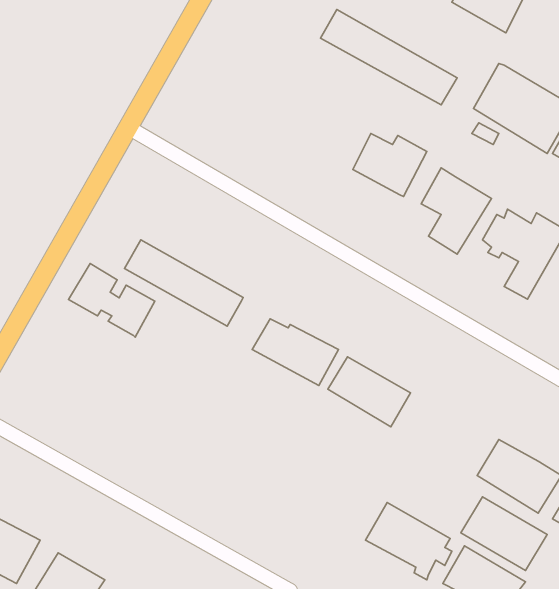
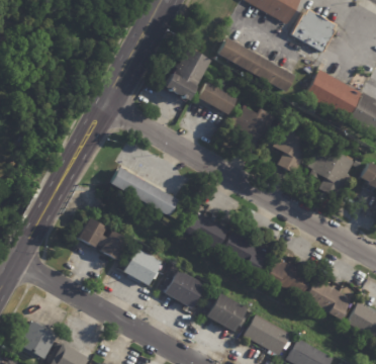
building: none -> [162,47,210,98]
building: none -> [198,81,238,113]
building: [69,263,155,337] -> [78,217,126,259]
building: none -> [122,249,160,286]
building: none -> [164,269,205,307]
building: none -> [205,293,248,333]
building: [461,497,547,571] -> [265,255,313,296]

